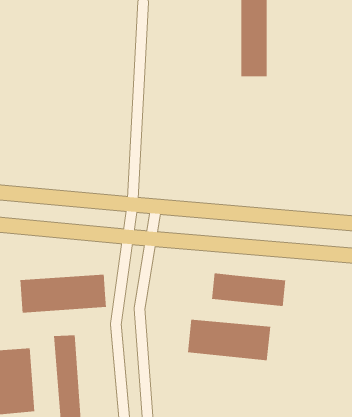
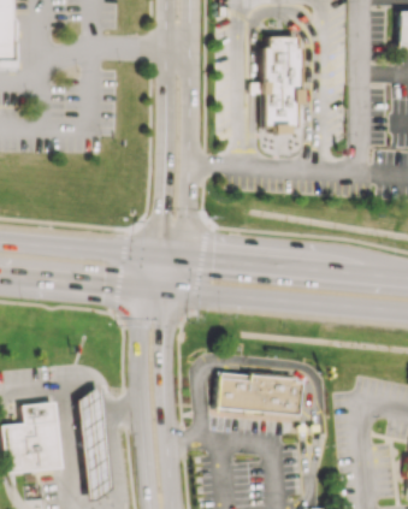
building: [212,273,286,307] -> none
building: [20,274,107,313] -> none

